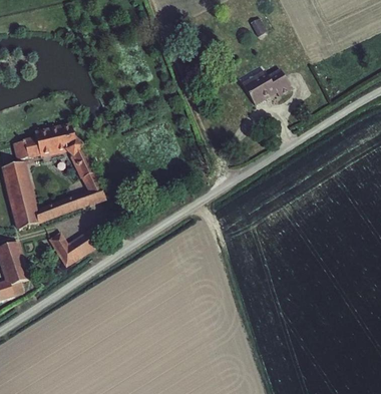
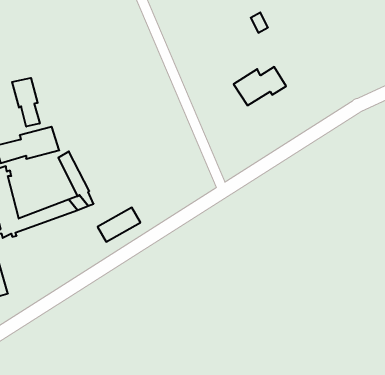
building: none -> [12,78,40,127]
building: [59,233,99,265] -> [98,208,140,242]

